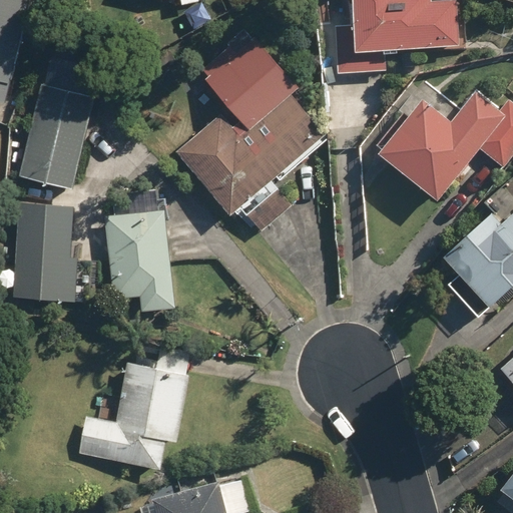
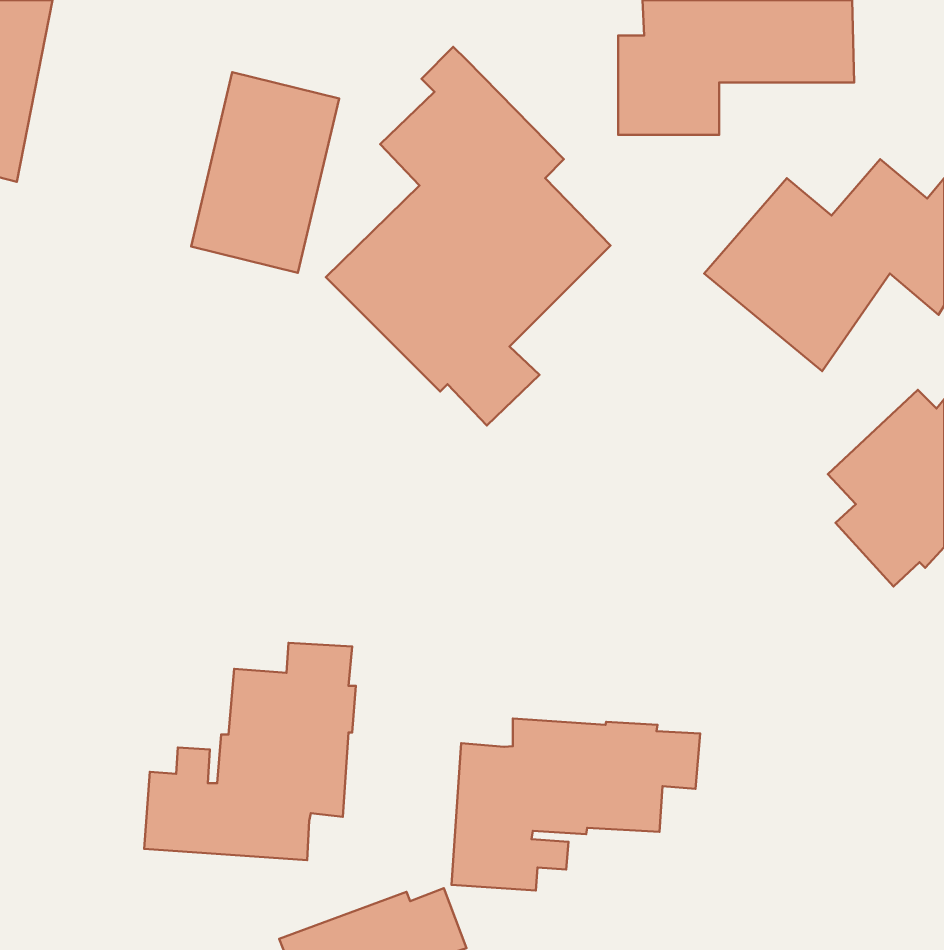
building: [17,83,96,190] -> [191,72,339,273]
building: [10,201,82,303] -> none
building: [103,207,177,313] -> none
building: none -> [451,718,700,890]

